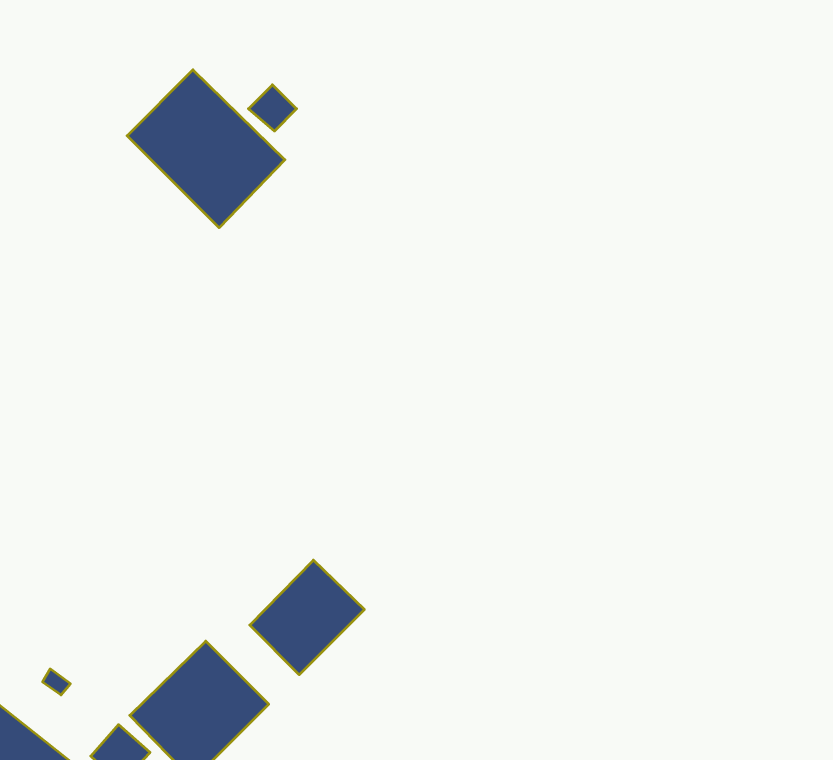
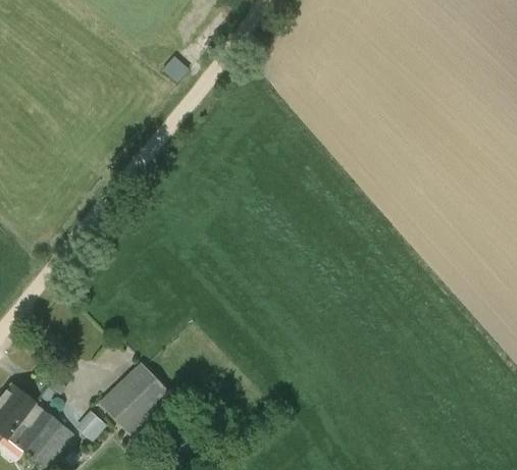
building: [127,70,285,228] -> none
building: [250,560,364,675] -> none

